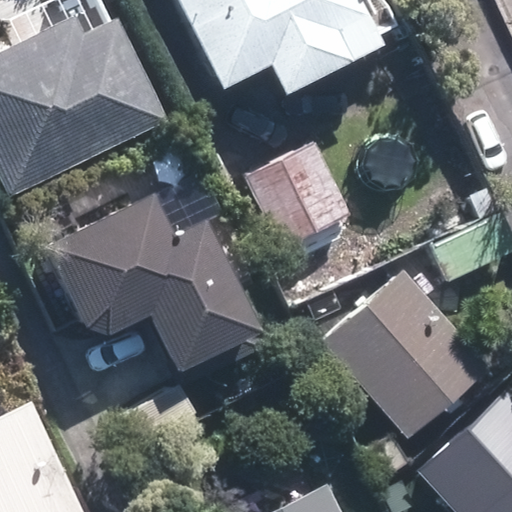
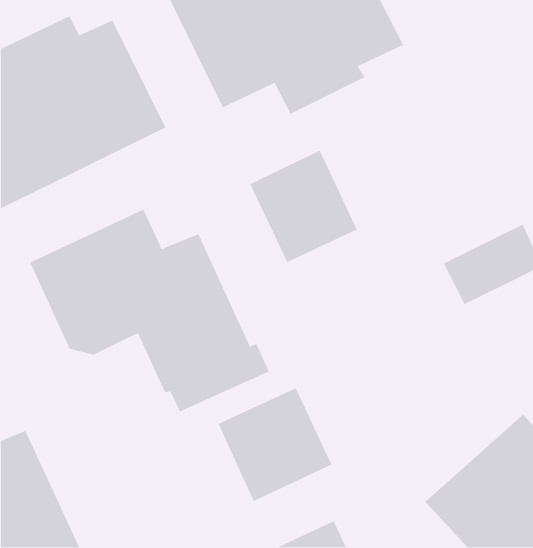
building: [323,270,487,437] -> none
building: none -> [218,387,332,502]

